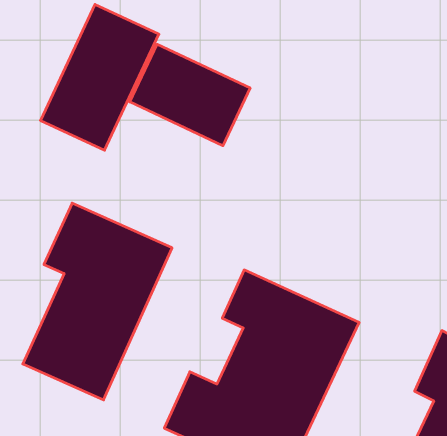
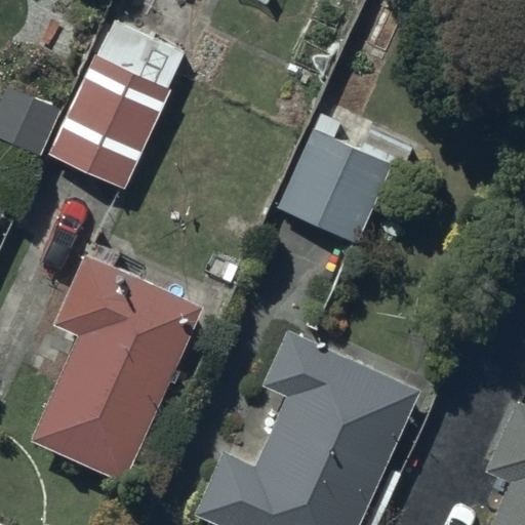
building: [130,44,250,146] -> none
building: none -> [274,128,395,249]

